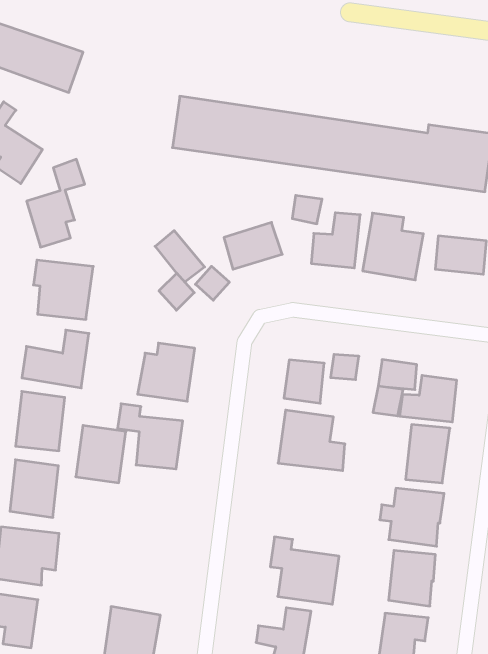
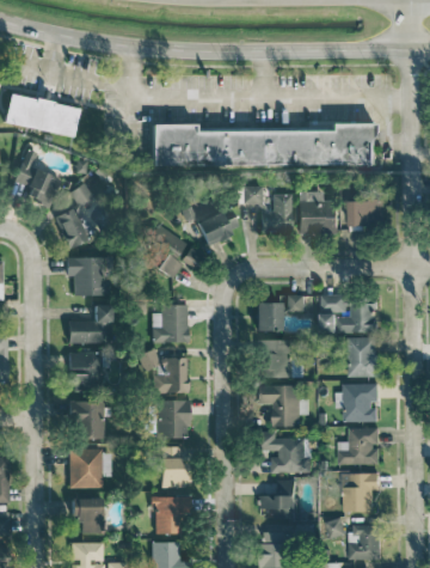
building: [76,425,126,483] -> [156,401,188,438]
building: none -> [256,384,307,426]
building: none -> [159,446,189,488]

